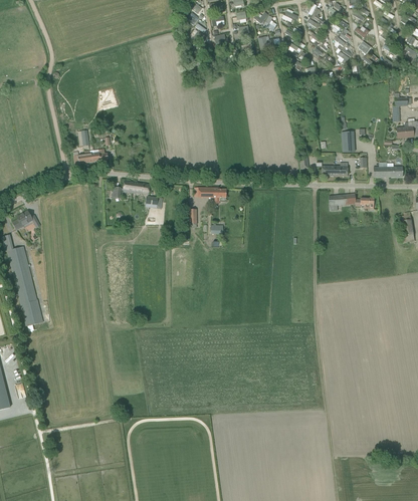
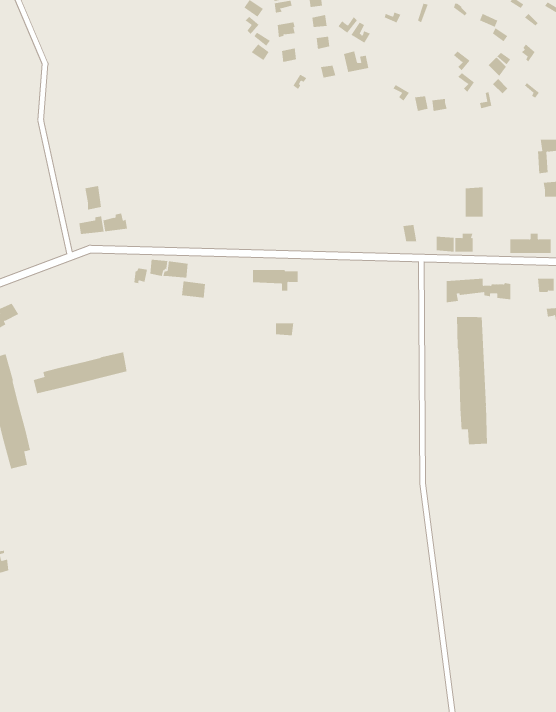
building: none -> [456,316,487,445]
building: none -> [33,352,127,394]

